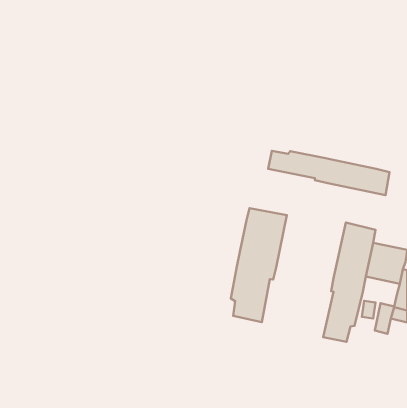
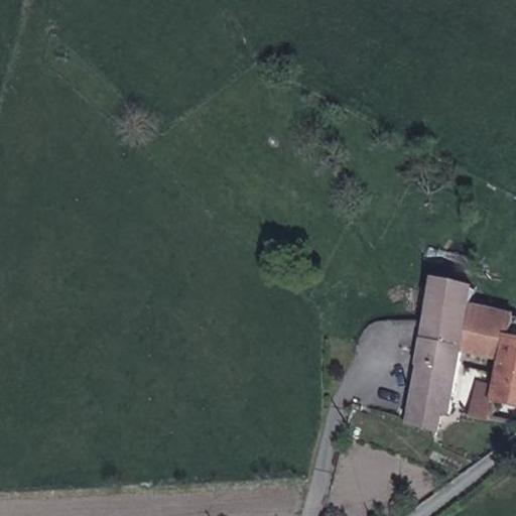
building: [268,151,389,195] -> none
building: [231,208,287,322] -> none

